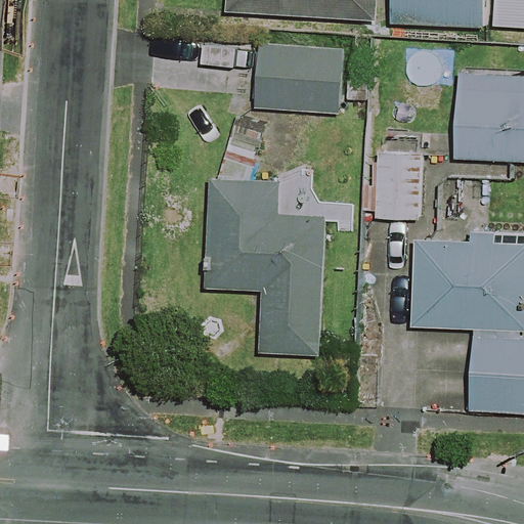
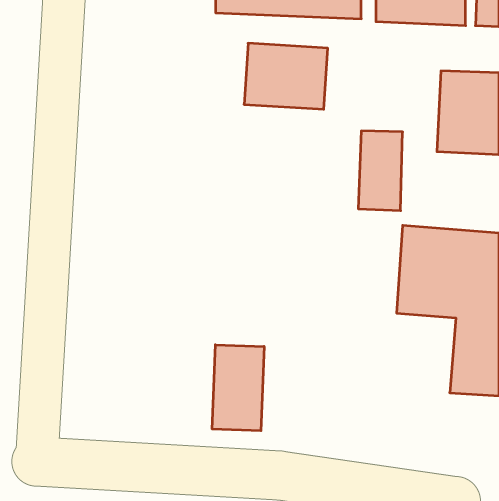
building: [207,177,325,353] -> none
building: none -> [212,345,264,431]

